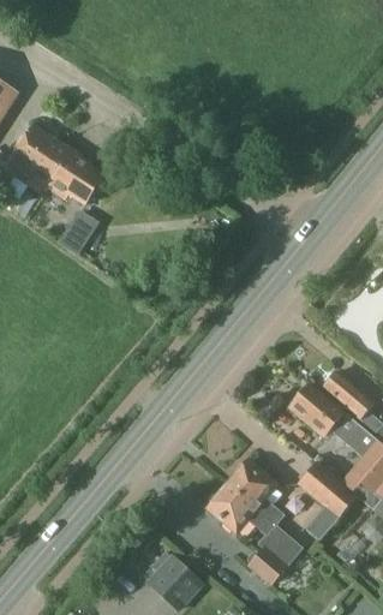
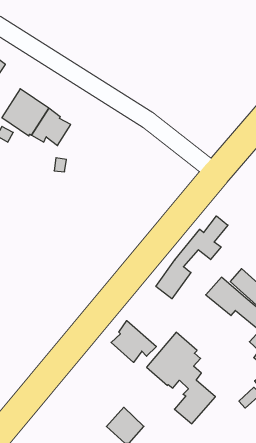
building: none -> [156,216,228,299]
building: none -> [111,321,156,362]
building: [295,461,353,538] -> none

